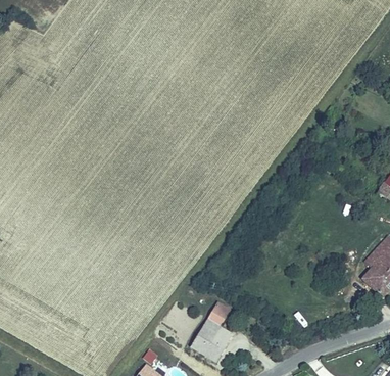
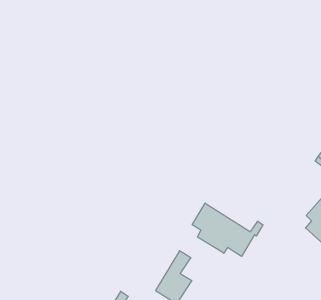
building: none -> [192,203,263,256]

